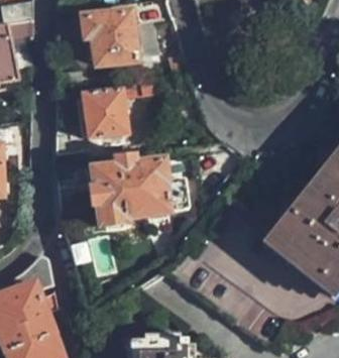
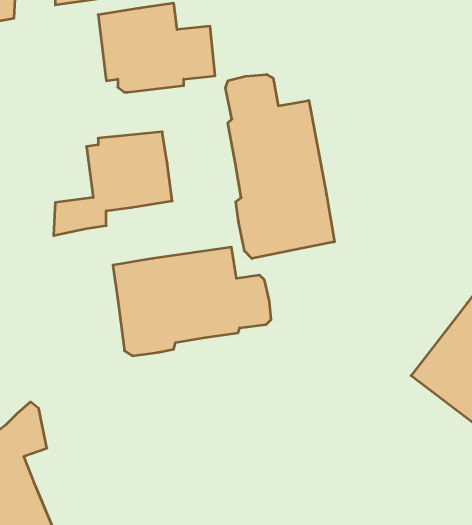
building: none -> [225,74,334,259]

